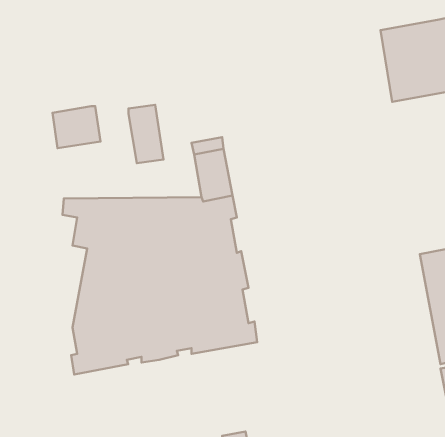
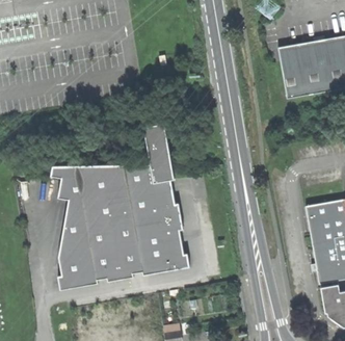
building: [128,105,164,163] -> none
building: [52,106,100,148] -> none

